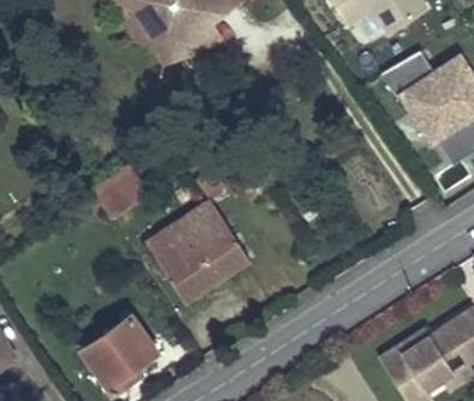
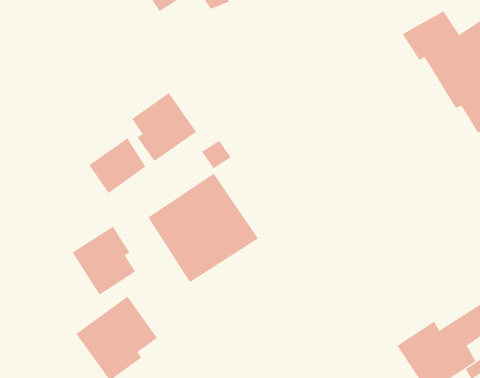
building: none -> [131,92,197,162]
building: none -> [72,226,136,295]

